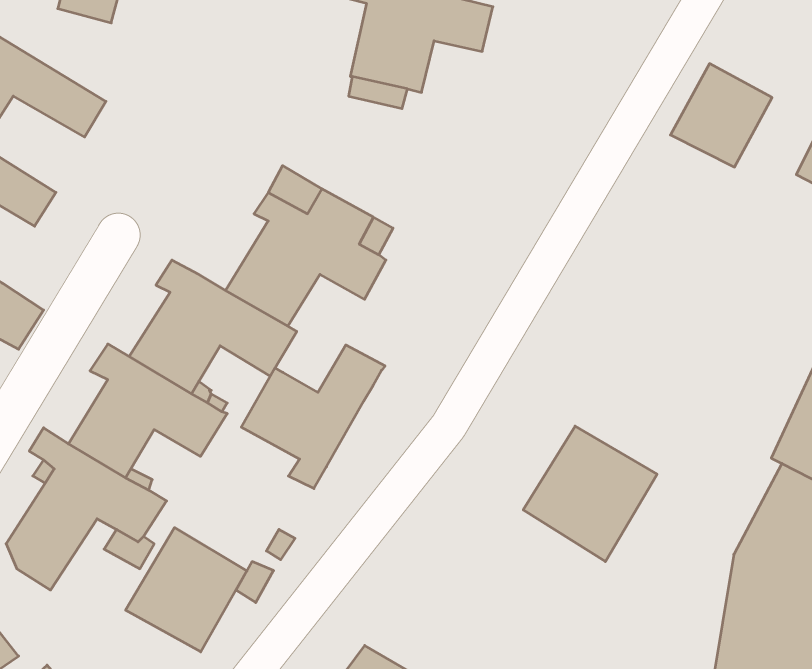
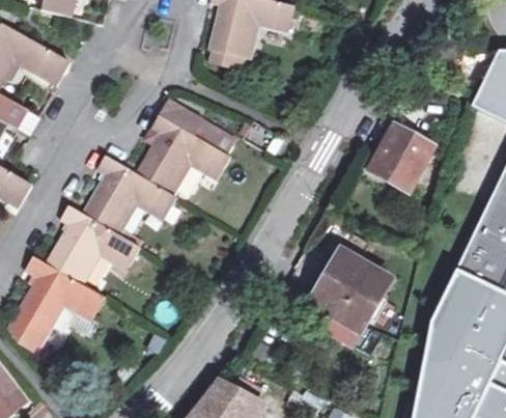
building: [670,64,772,167] -> [370,129,429,189]
building: [241,345,385,489] -> none
building: [126,528,247,652] -> none

